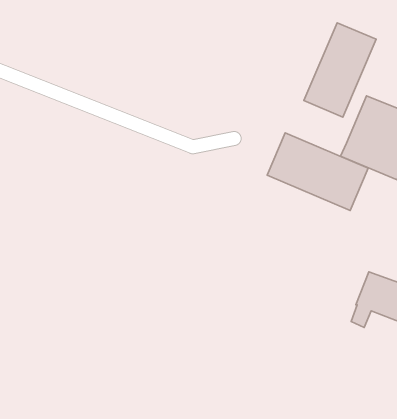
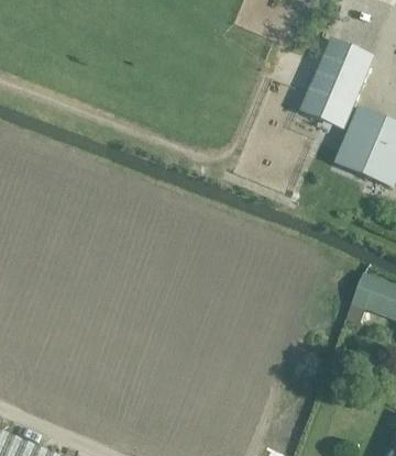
building: [267,133,368,210] -> none

